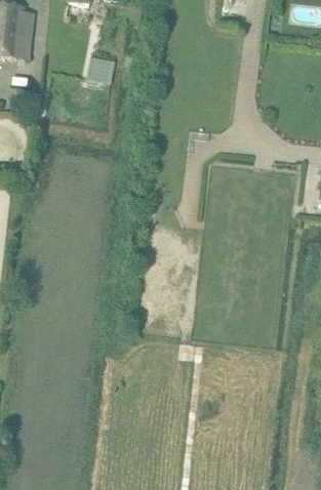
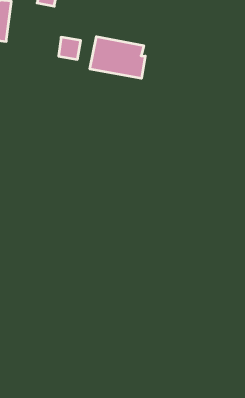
building: none -> [90,37,145,78]

